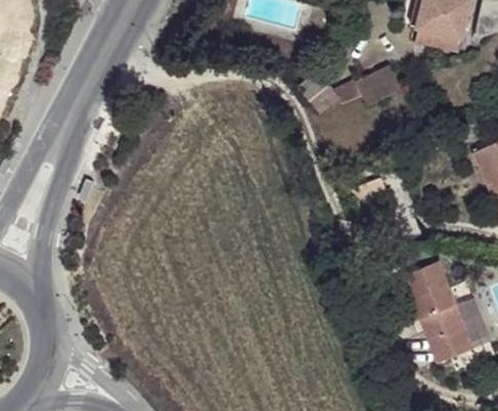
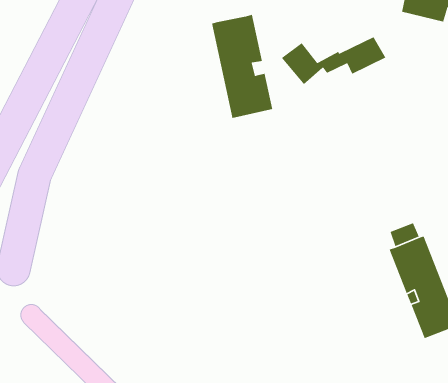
building: none -> [211,14,273,119]

